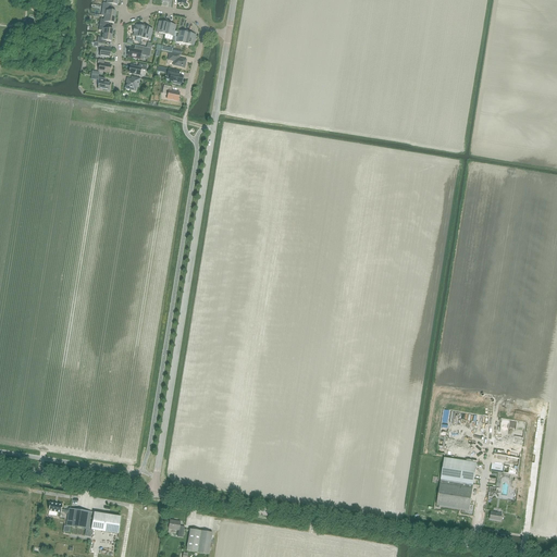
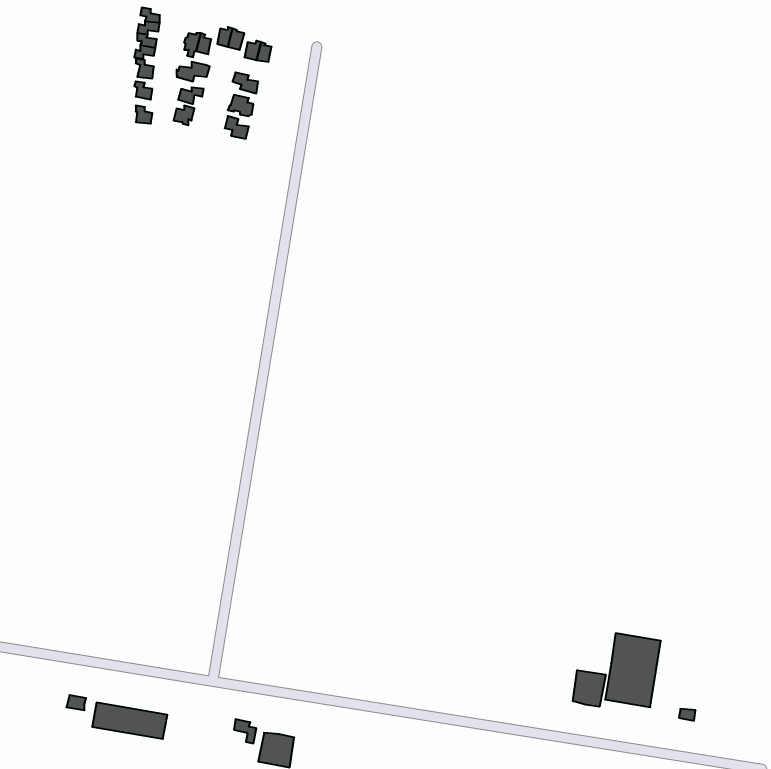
building: none -> [573,670,606,707]

